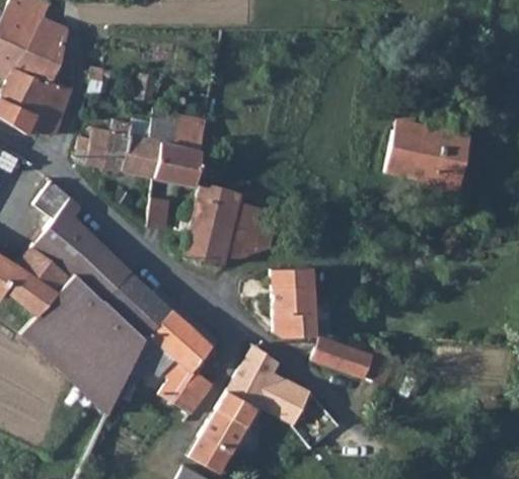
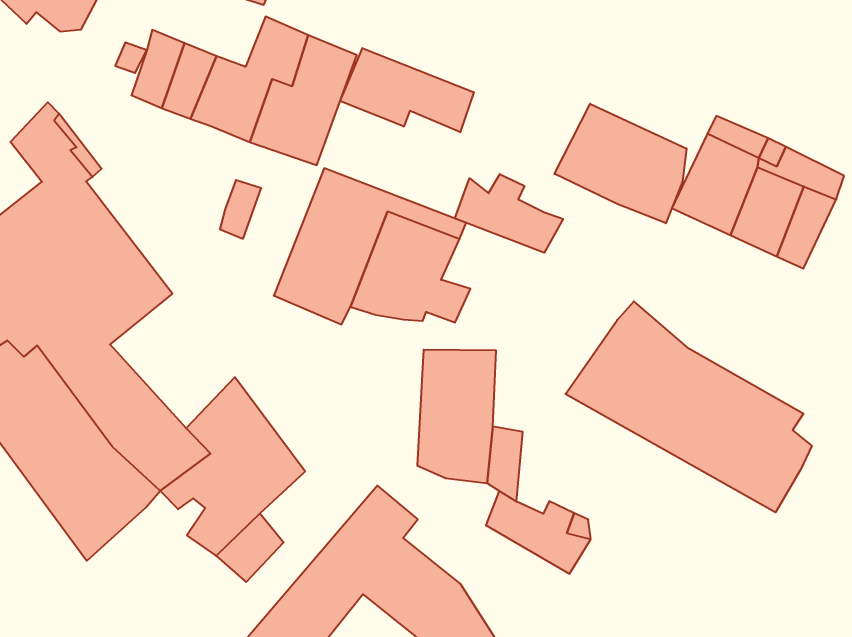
building: none -> [340,48,474,132]
building: none -> [554,104,687,223]
building: none -> [455,174,563,253]
building: none -> [565,301,812,512]
building: [99,265,168,335] -> none

